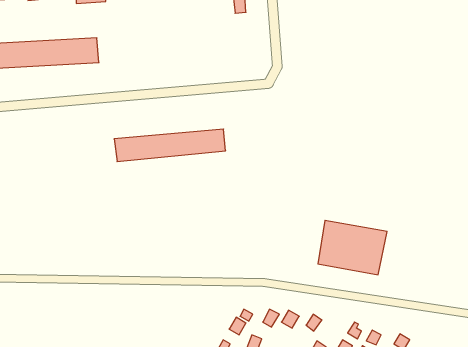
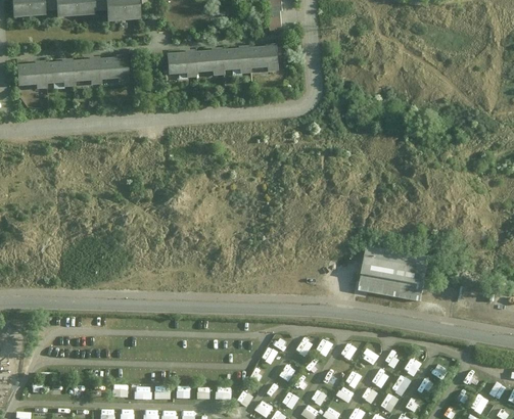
building: [114,129,226,162] -> [163,44,279,78]

